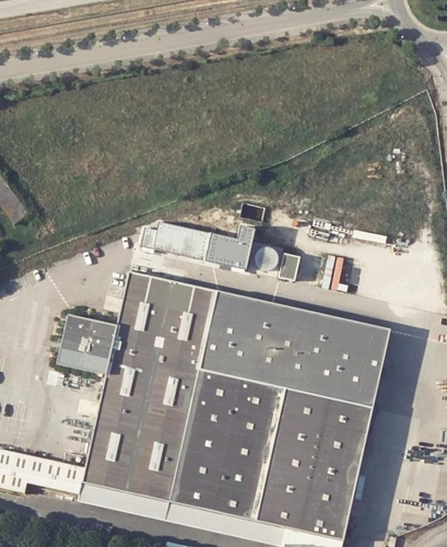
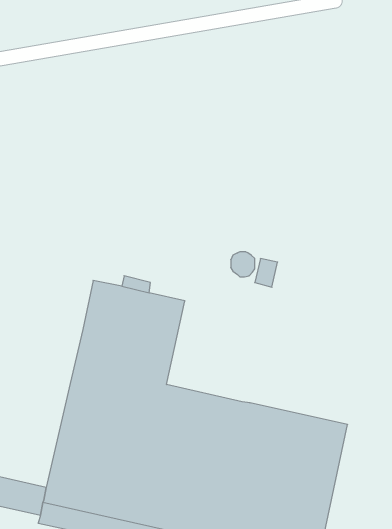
building: [149,218,263,266] -> none
building: [200,290,391,408] -> none
building: [58,305,120,369] -> none

